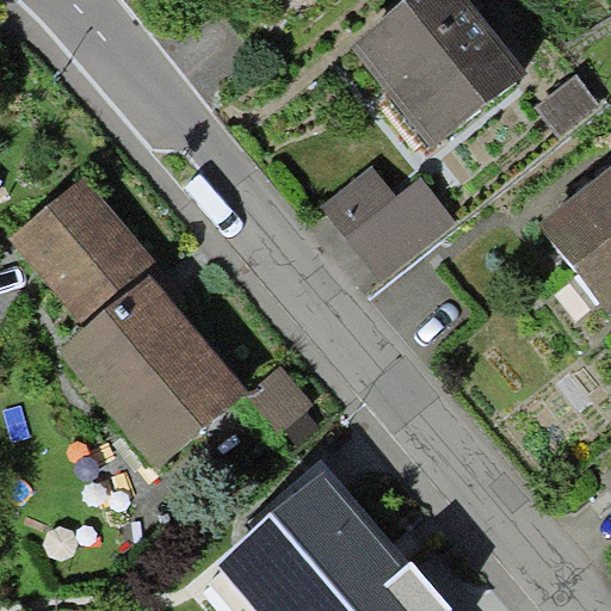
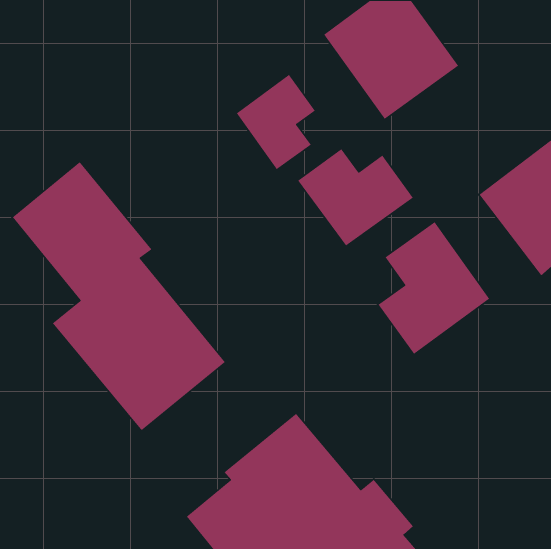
building: none -> [236,74,316,170]
building: none -> [377,221,490,355]

